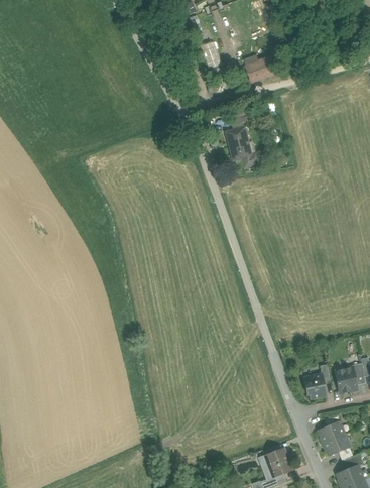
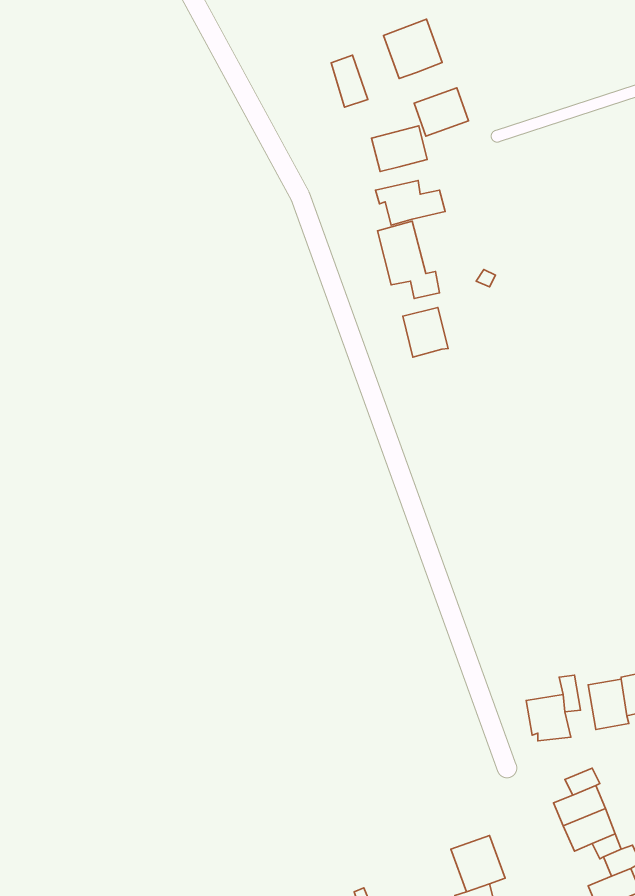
building: none -> [383,19,442,79]
building: none -> [372,126,427,171]
building: none -> [403,307,448,357]

